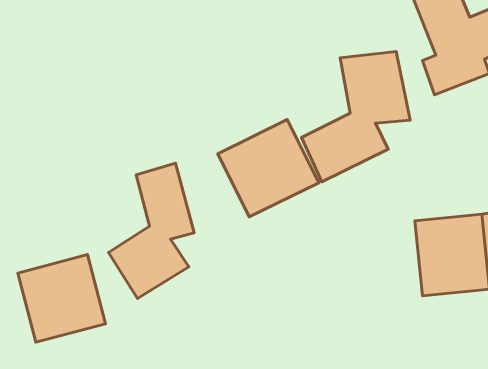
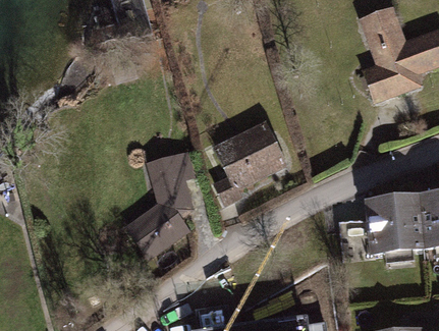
building: [302,51,410,182] -> none
building: [18,255,105,342] -> none

